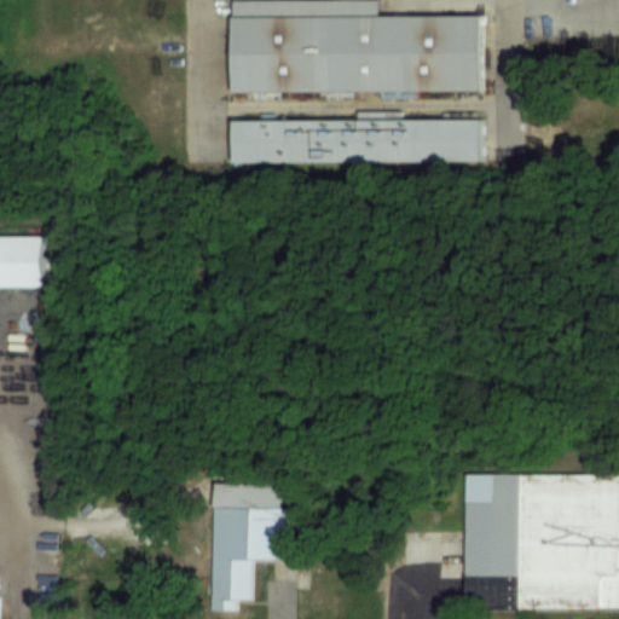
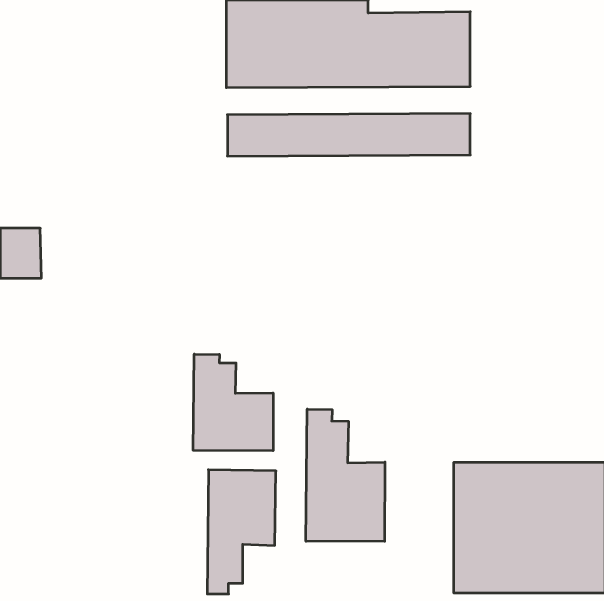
building: none -> [193,354,273,451]
building: none -> [306,409,385,541]

